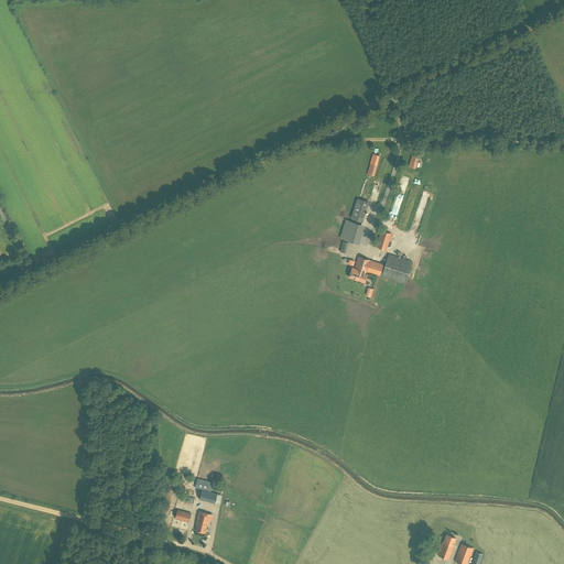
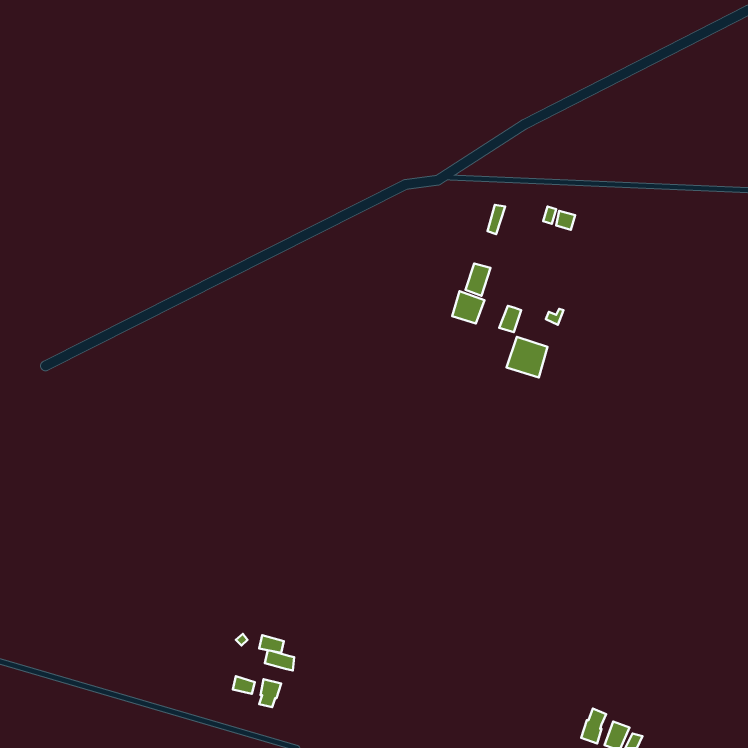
building: [349,256,383,282] -> none

